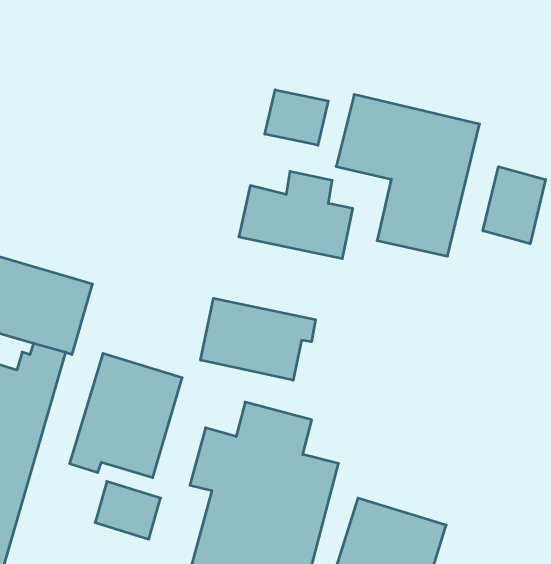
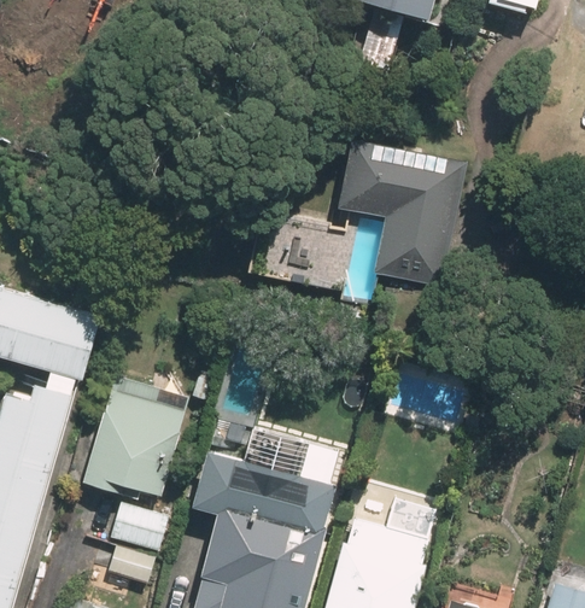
building: [265,90,328,145] -> none
building: [483,167,546,244] -> none
building: [201,298,316,380] -> none

